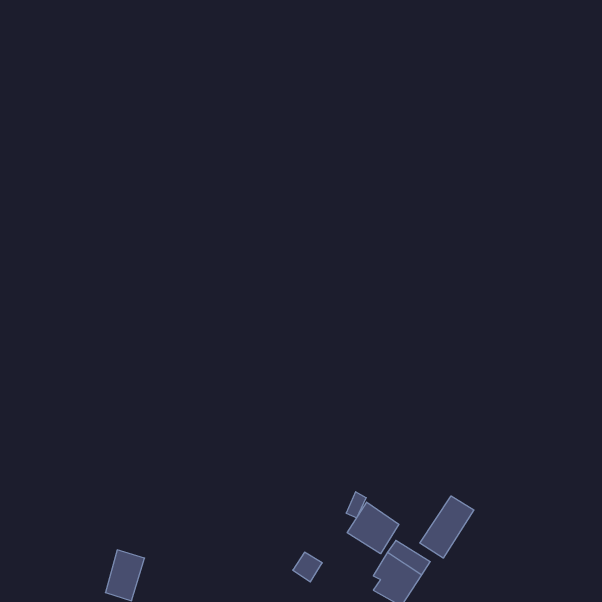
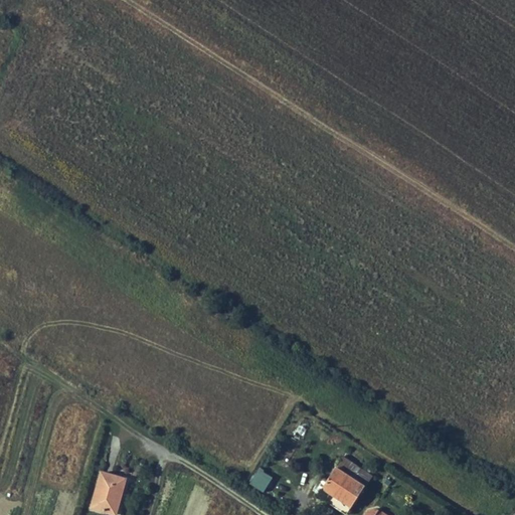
building: [420,496,474,558] -> none
building: [347,502,399,554] -> none

